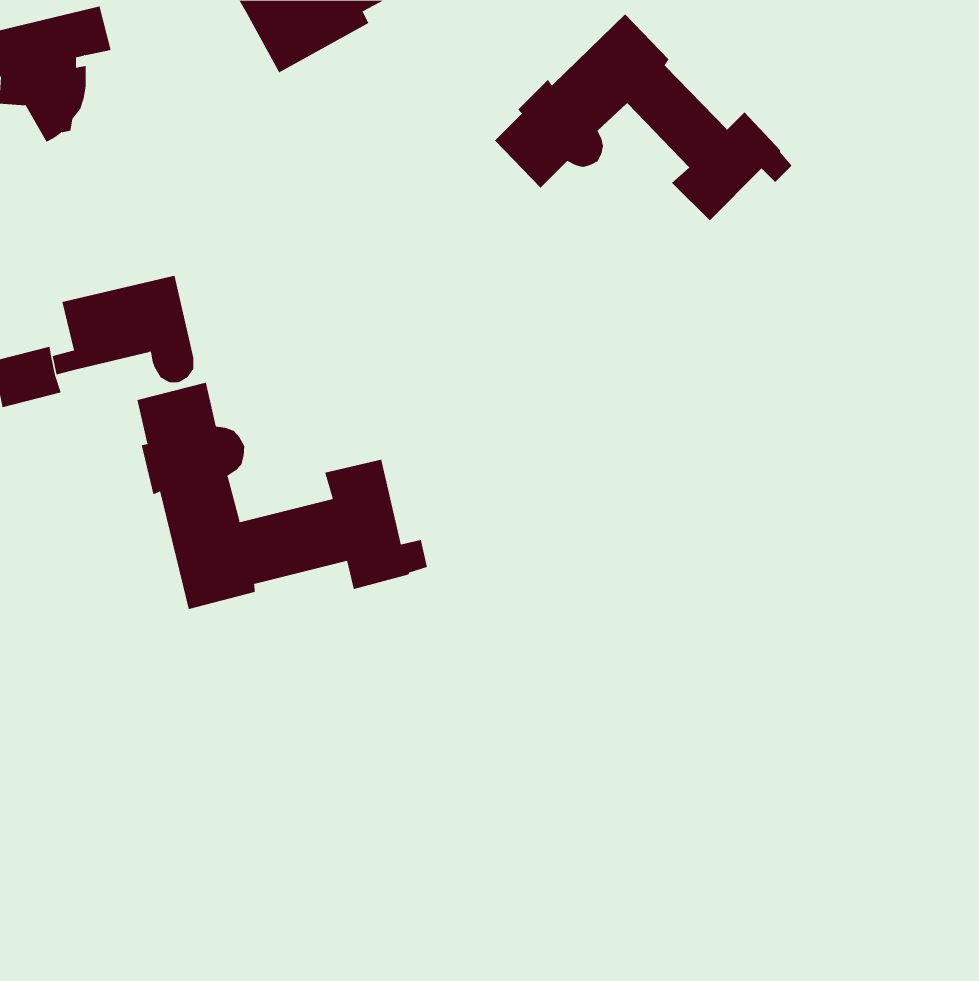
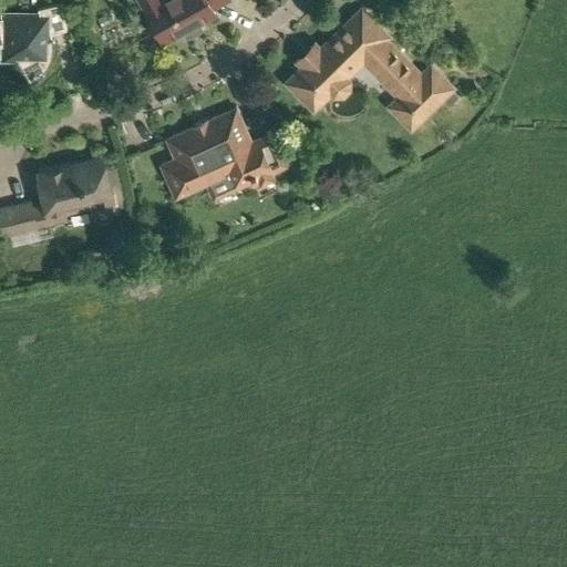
building: none -> [161,110,284,196]
building: [137,382,428,610] -> none

